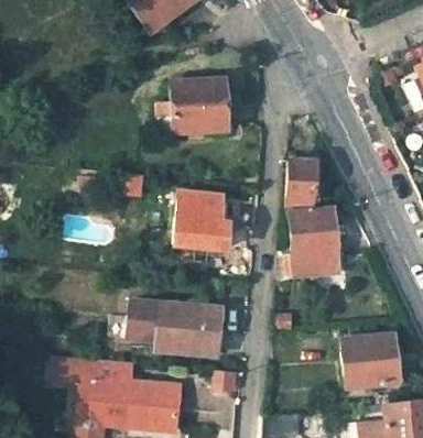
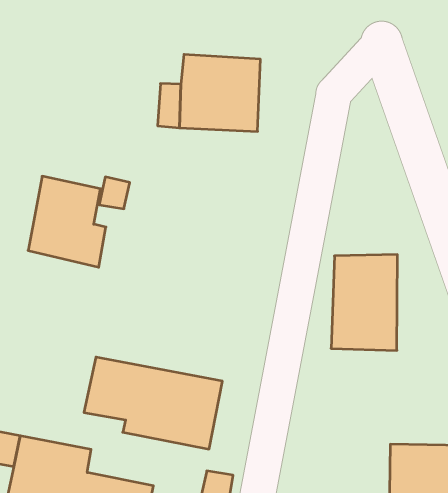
building: [285,161,317,205] -> none
building: [174,191,227,251] -> [28,176,106,267]

